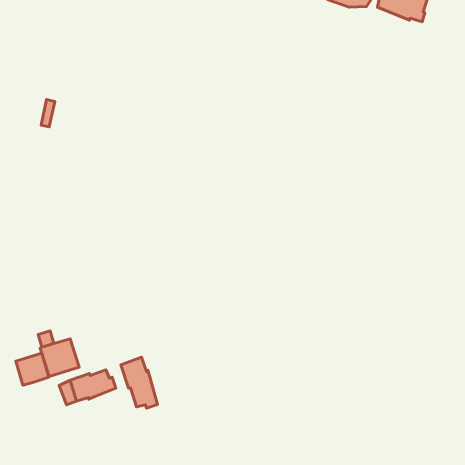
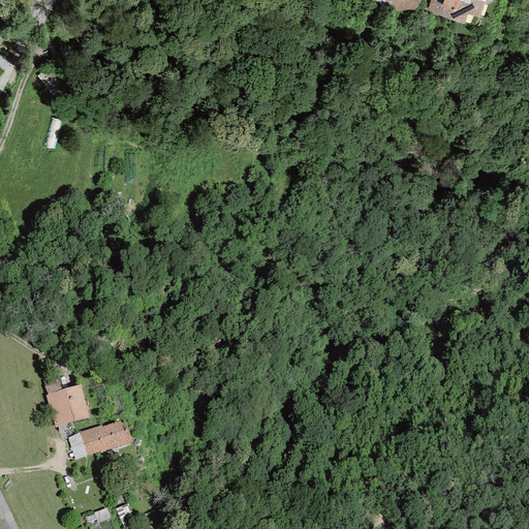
building: [16,353,49,385] -> none
building: [121,357,158,408] -> none

